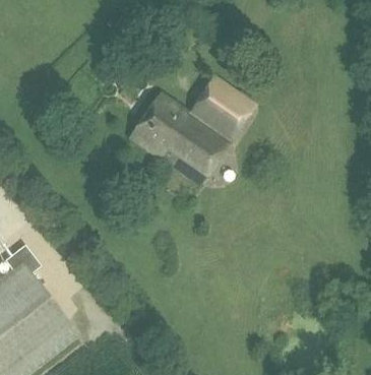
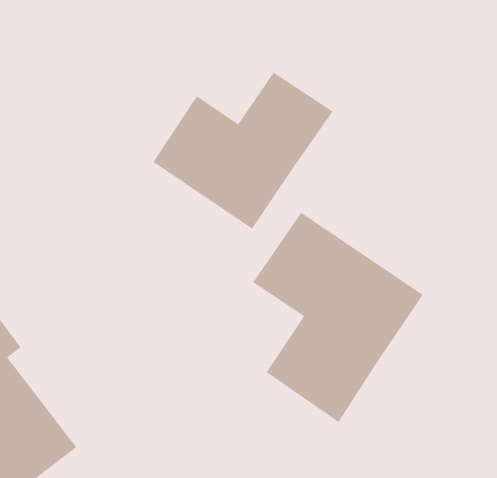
building: none -> [253,212,424,423]

